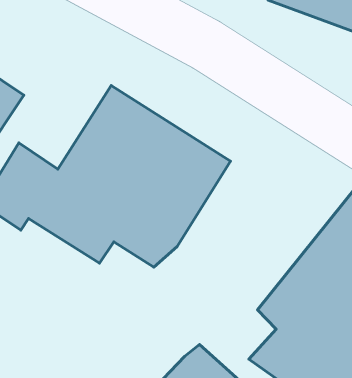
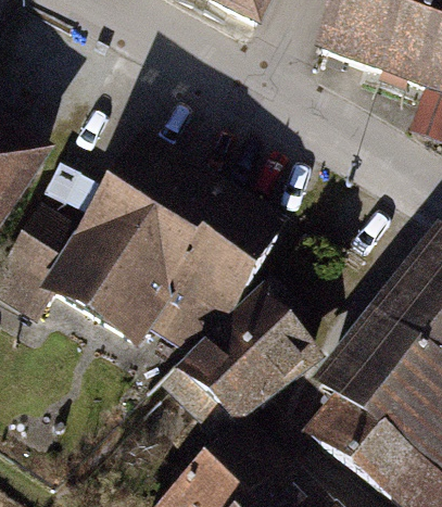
building: none -> [166,284,304,444]

